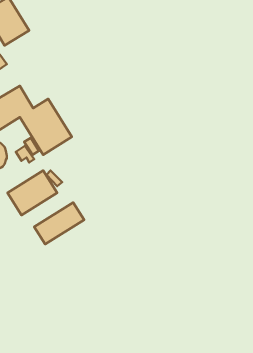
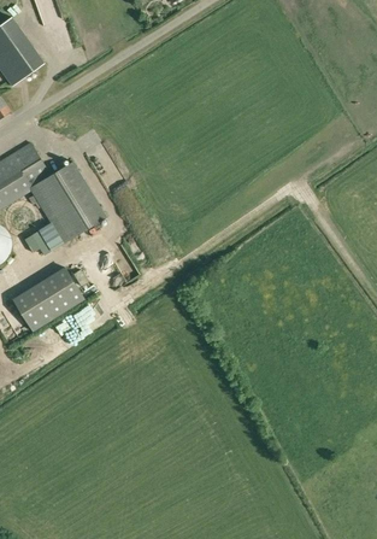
building: [34,202,84,244] -> none

